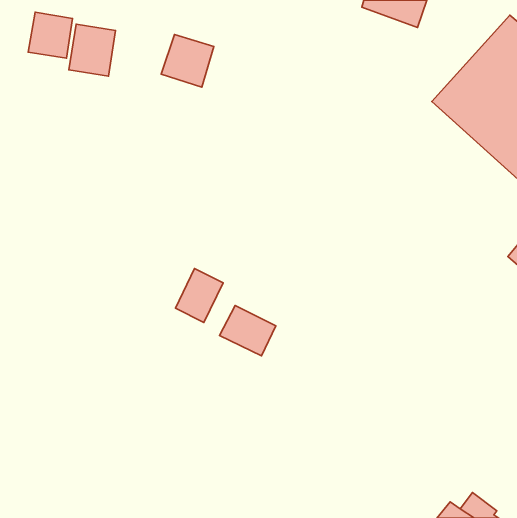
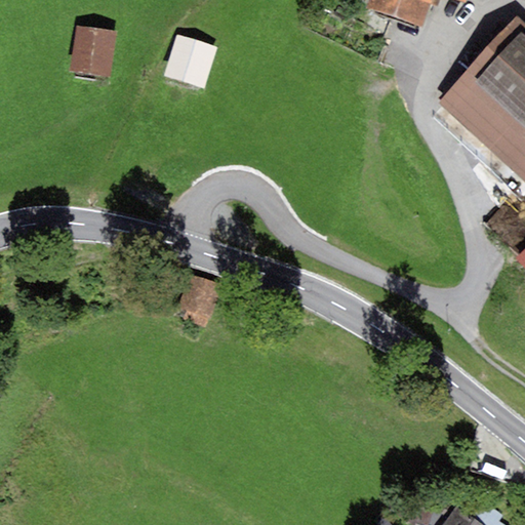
building: [28,12,72,58] -> none
building: [219,305,276,356] -> none

